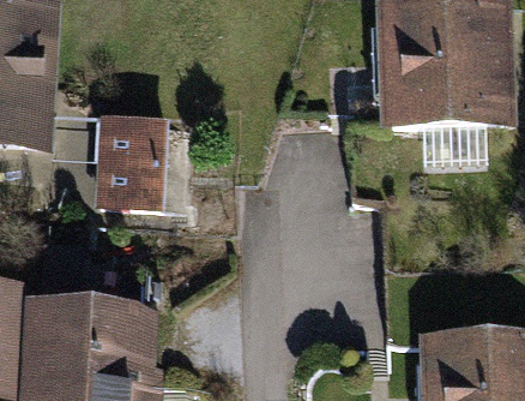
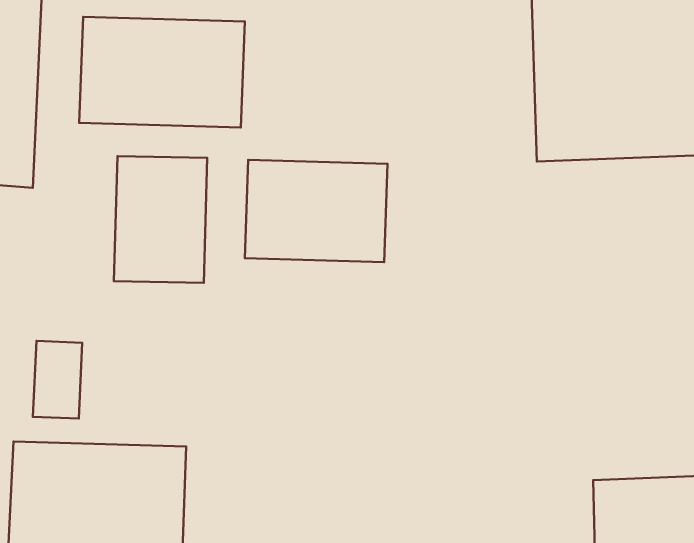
building: none -> [79,17,245,127]
building: none -> [245,160,388,262]

